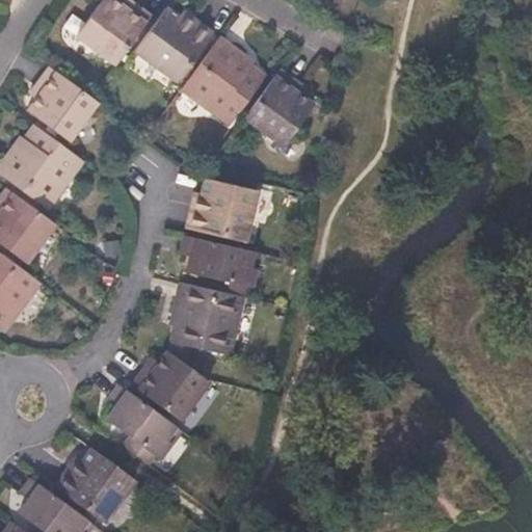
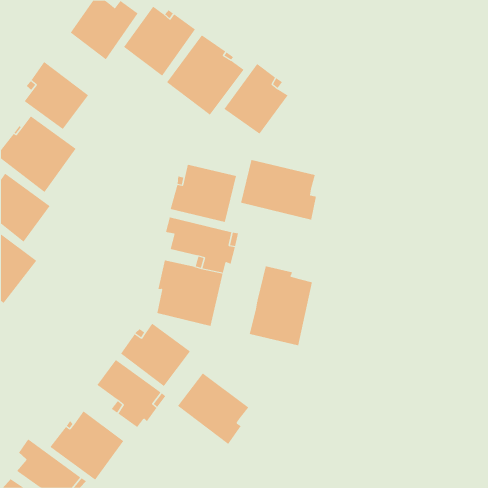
building: none -> [240,159,317,221]
building: none -> [249,265,313,346]
building: none -> [177,373,249,445]

